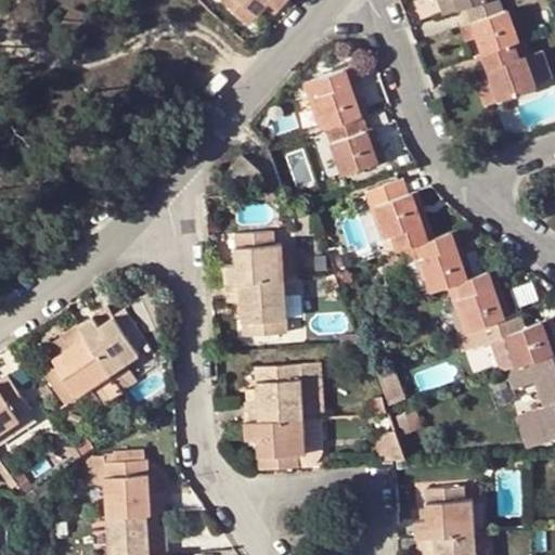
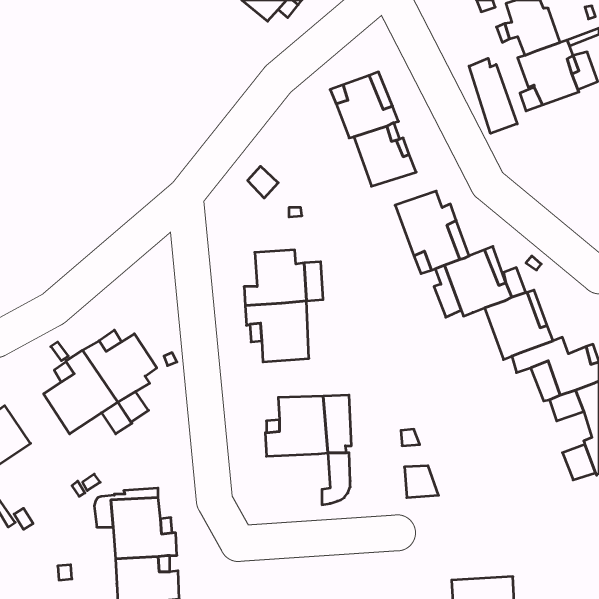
building: none -> [469,58,517,133]
building: [245,420,304,468] -> none
building: [414,488,472,537] -> none

